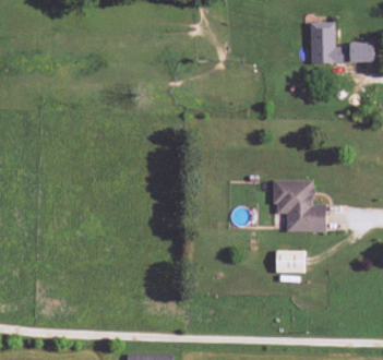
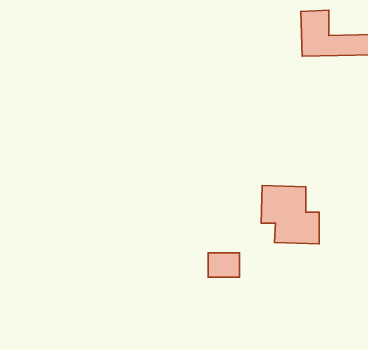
building: [276,251,304,273] -> [208,253,240,277]

